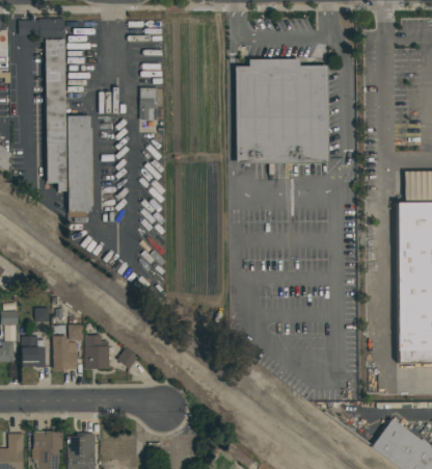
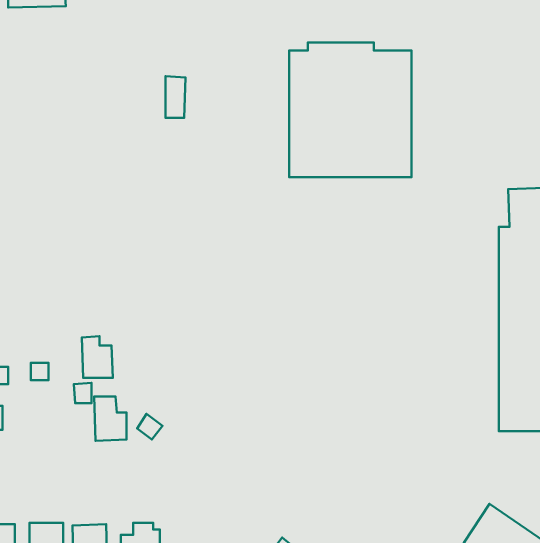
building: [45,38,91,210] -> none
building: [54,336,78,368] -> [82,336,113,378]
building: [22,337,47,368] -> none

